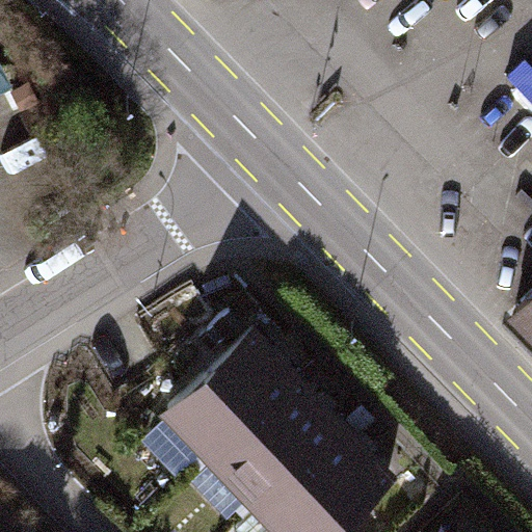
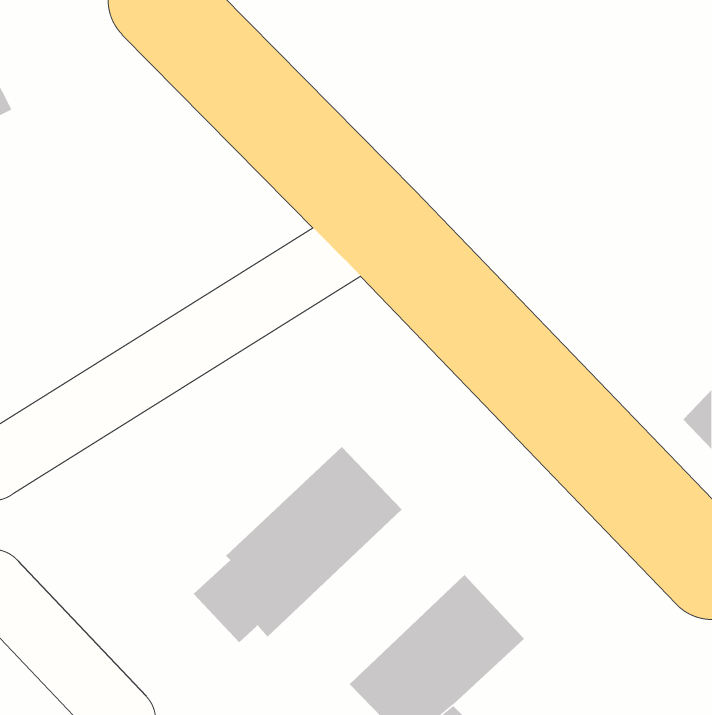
building: [212,380,342,522] -> none

